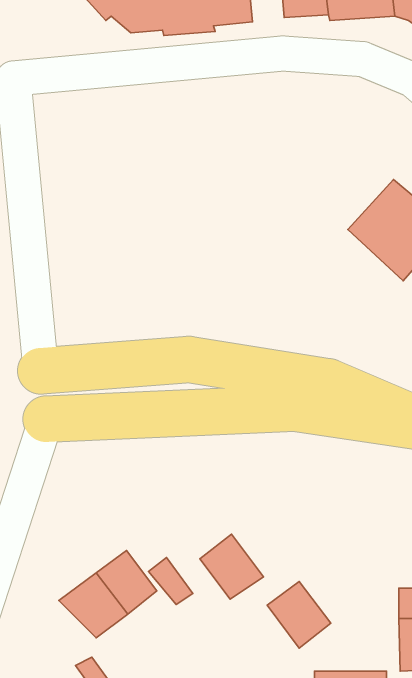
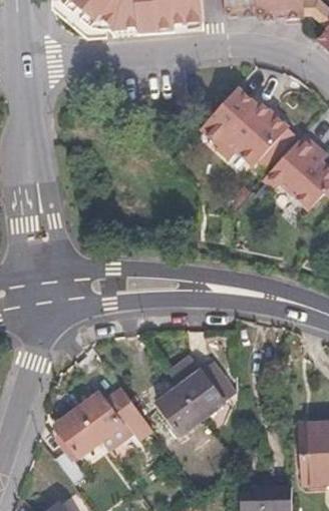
building: none -> [197,96,286,157]
building: [267,582,331,648] -> [183,372,229,420]

